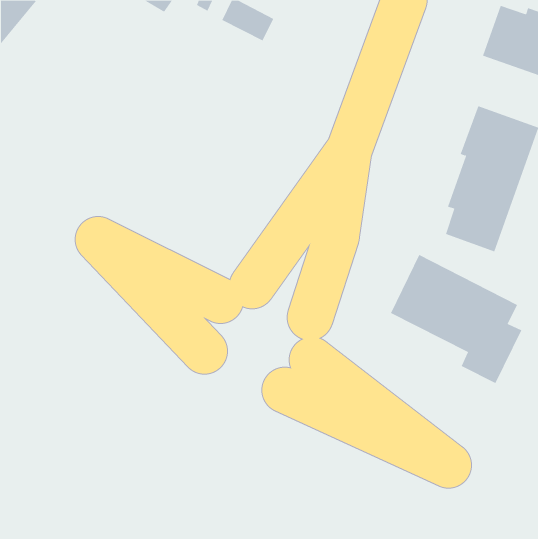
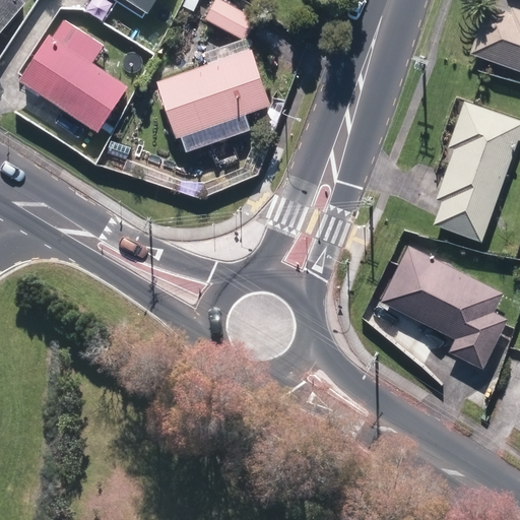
building: none -> [29,18,139,130]
building: none -> [168,48,281,138]

